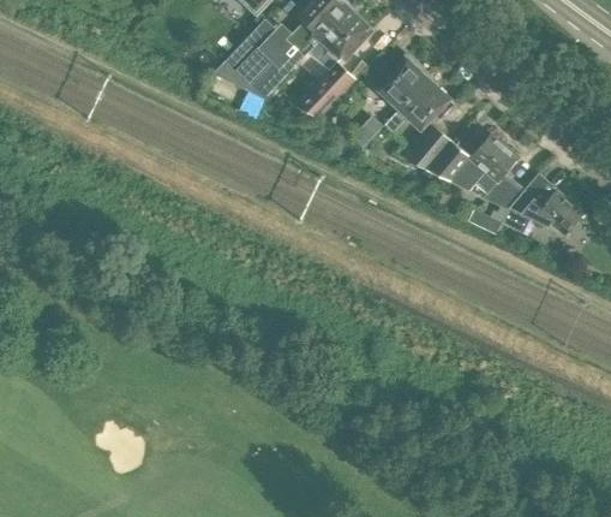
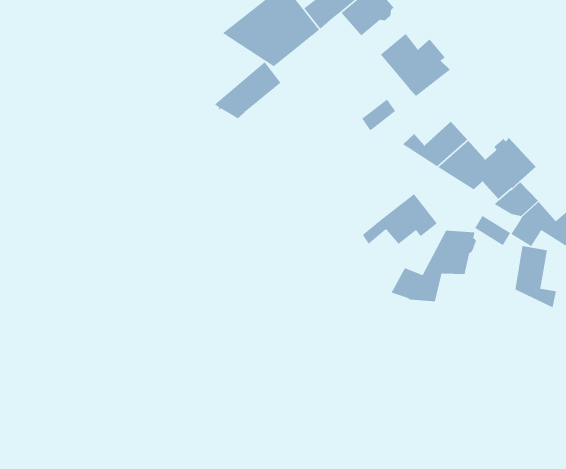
building: [295,60,355,117] -> [214,61,282,119]
building: [385,78,454,131] -> [362,193,438,245]
building: none -> [390,230,477,302]
building: none -> [514,245,557,309]

